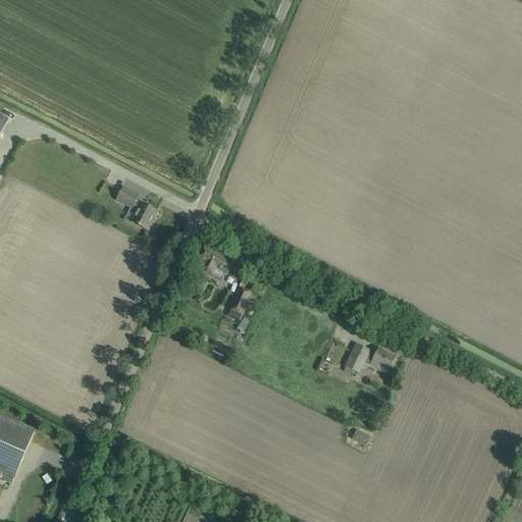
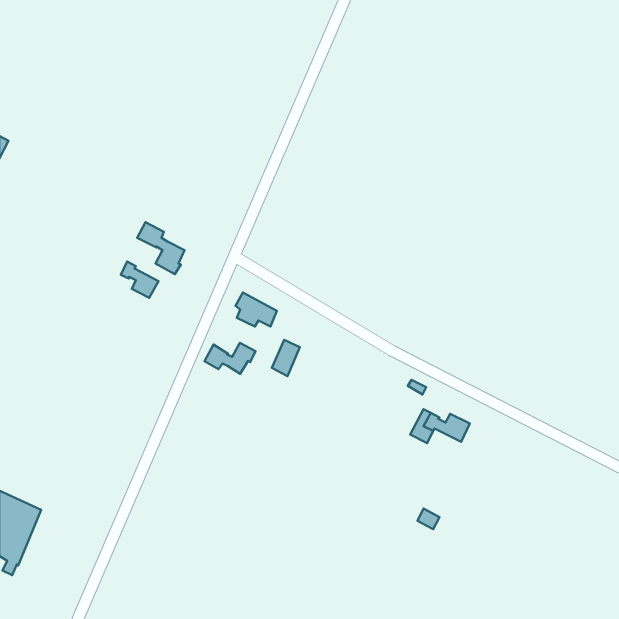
building: none -> [121,262,159,298]
building: none -> [204,343,255,374]

